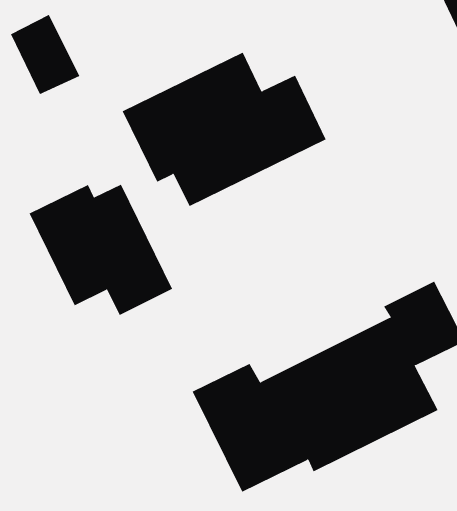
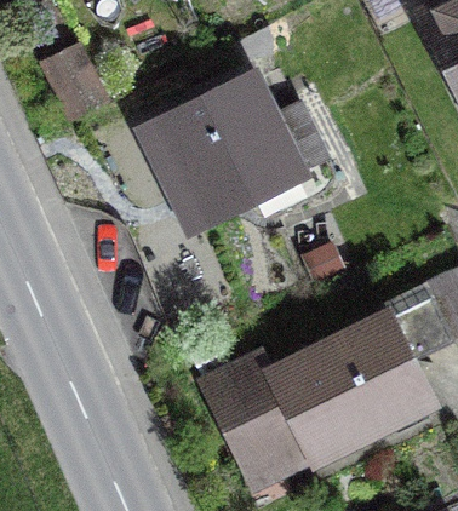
building: [29,184,173,316] -> none

